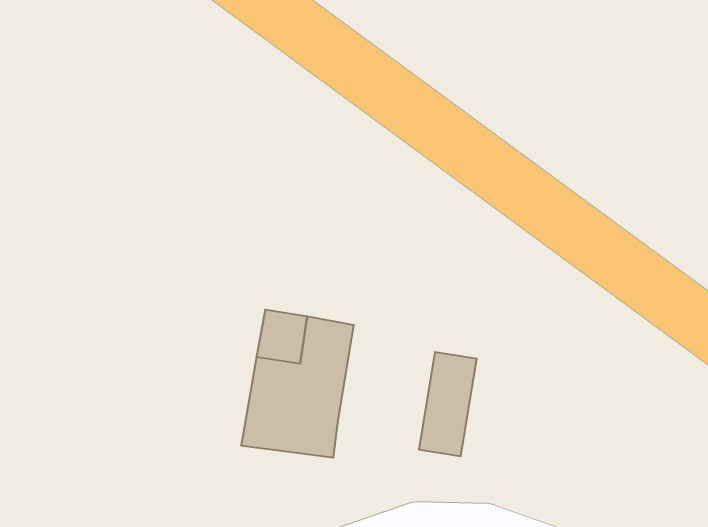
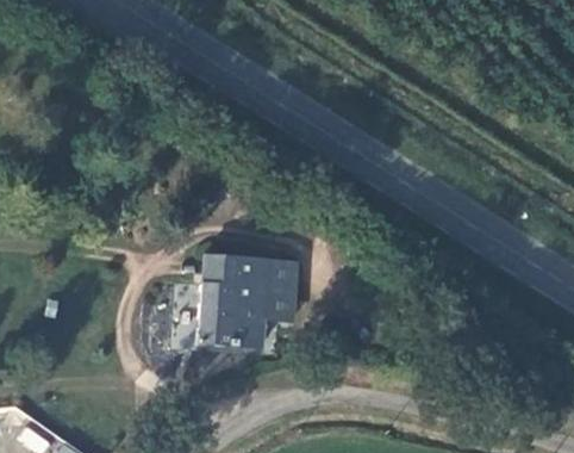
building: [419,352,477,456] -> [262,257,297,327]

